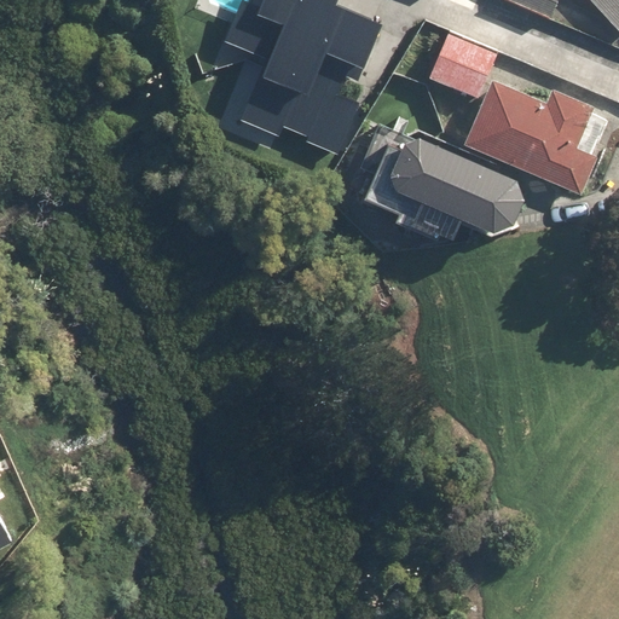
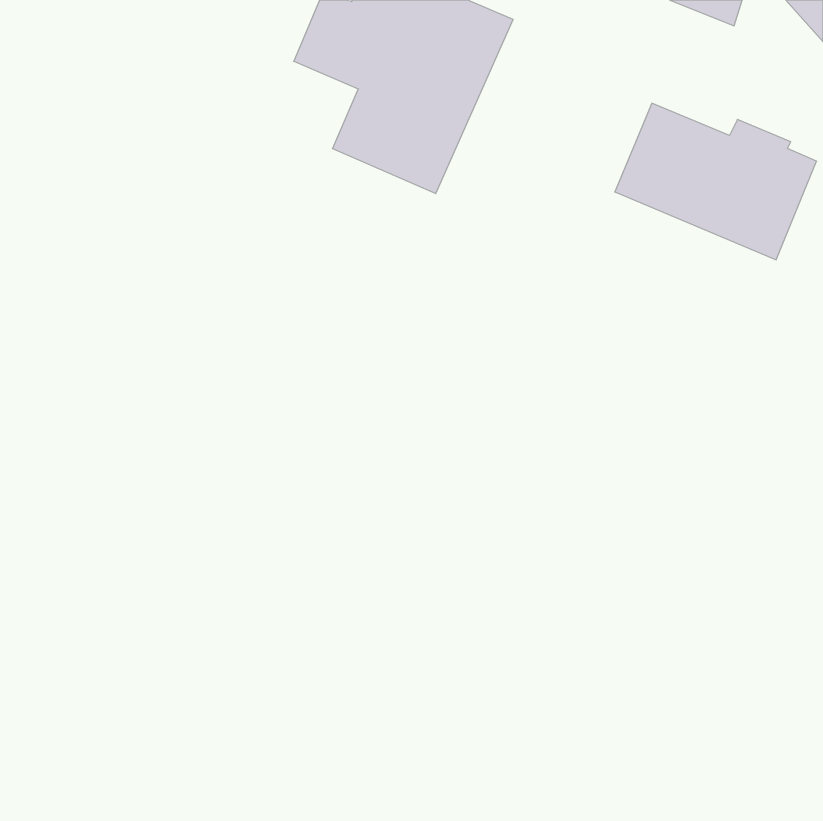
building: [428,31,497,100] -> none
building: [361,117,520,231] -> none

